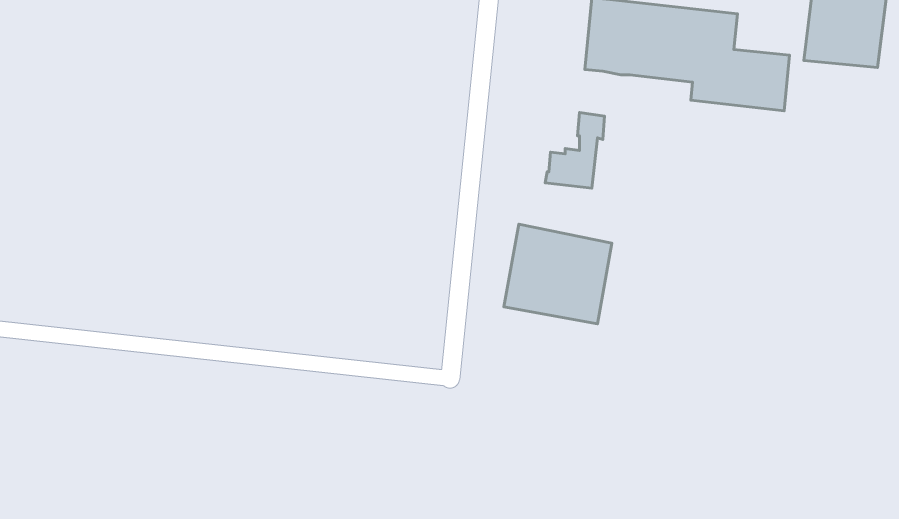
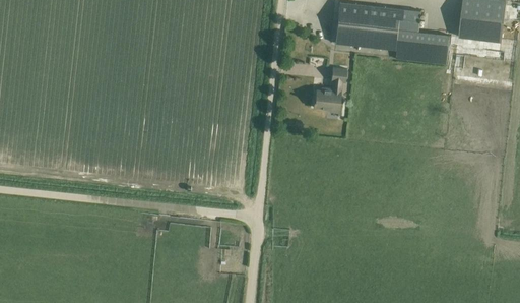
building: [504,224,612,324] -> none

